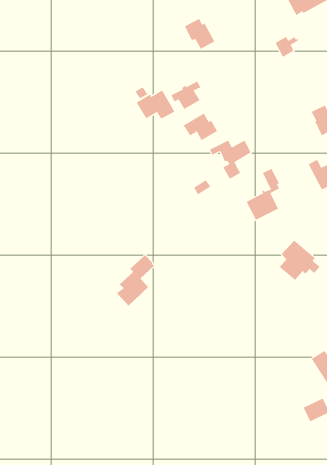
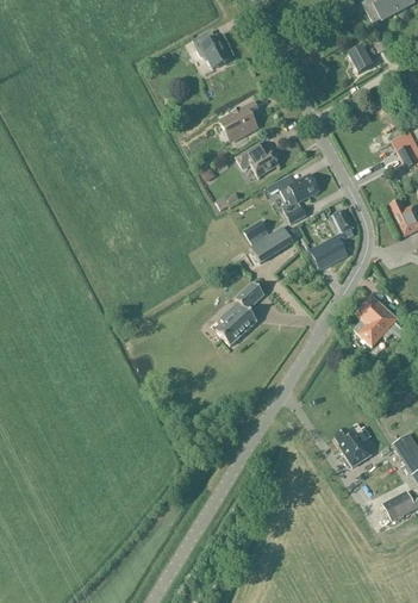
building: [184,18,215,49] -> [193,30,231,68]
building: [136,90,175,120] -> none
building: none -> [251,226,294,263]
building: [116,254,155,307] -> [217,280,264,344]
building: none -> [333,427,373,467]

